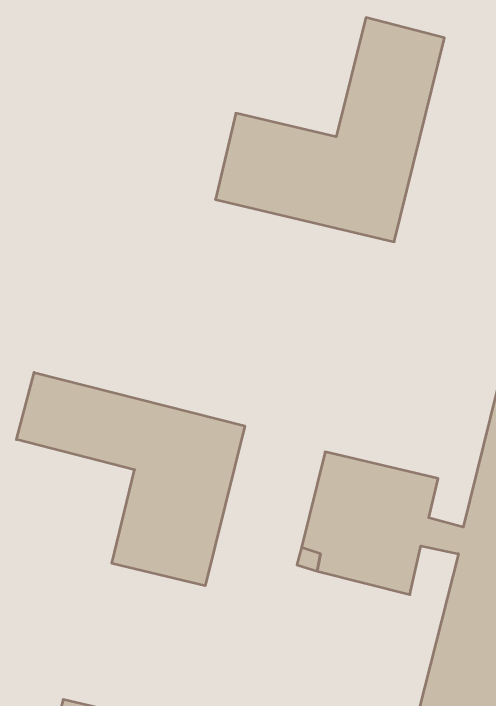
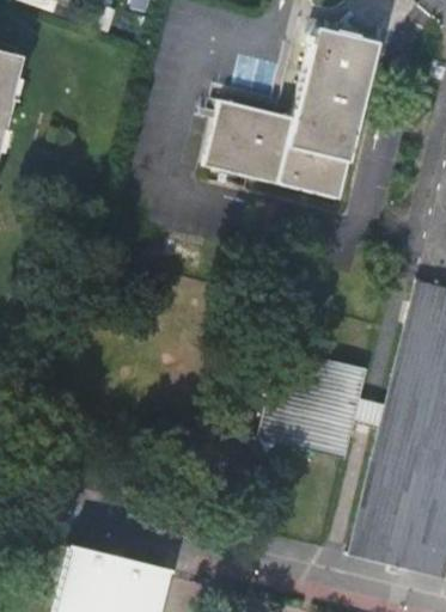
building: [16,372,245,586] -> none

